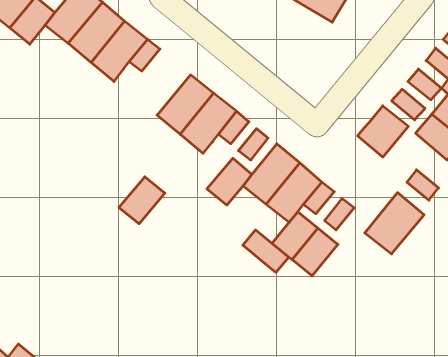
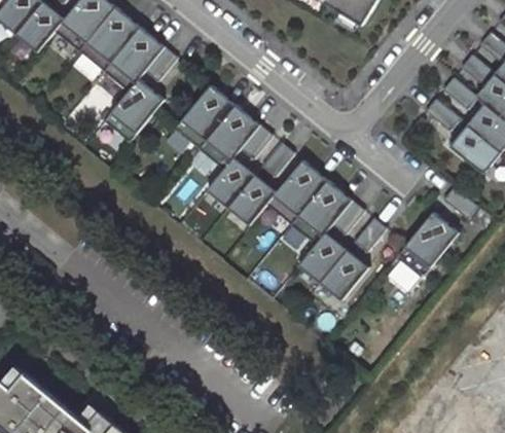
building: none -> [110,79,163,134]
building: [358,106,408,157] -> none
building: [119,177,165,224] -> [206,157,255,208]
building: [243,230,289,272] -> none

